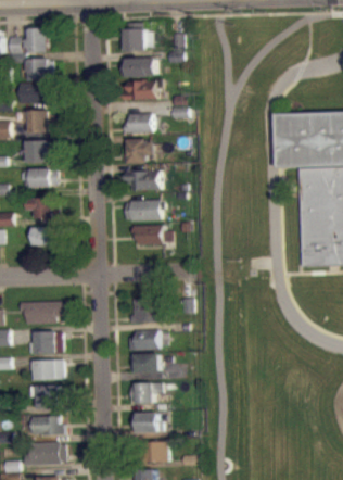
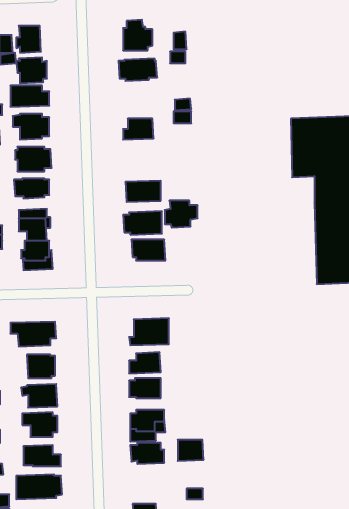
building: [122,81,155,100] -> none
building: [122,139,152,164] -> [165,201,198,228]
building: [143,443,167,463] -> [178,440,204,461]

